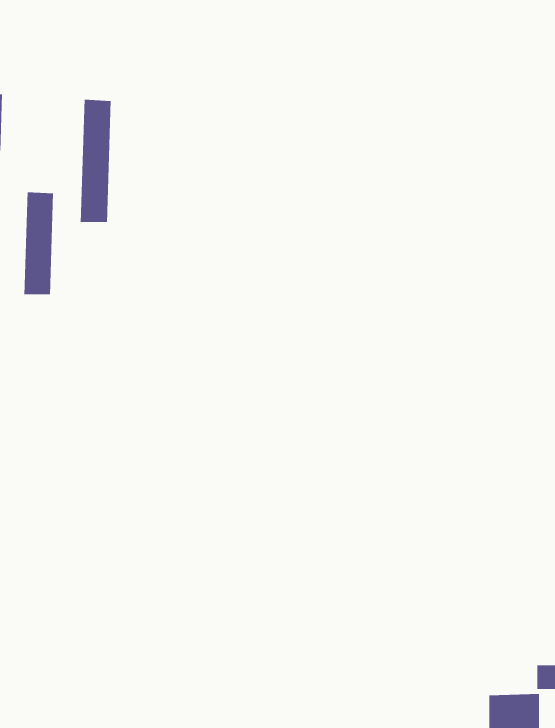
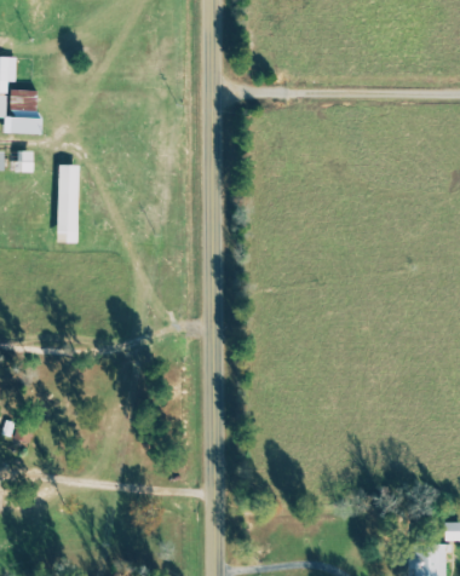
building: [80,99,111,223] -> none

